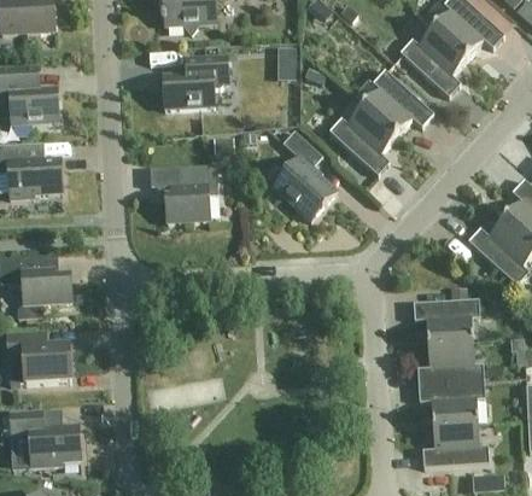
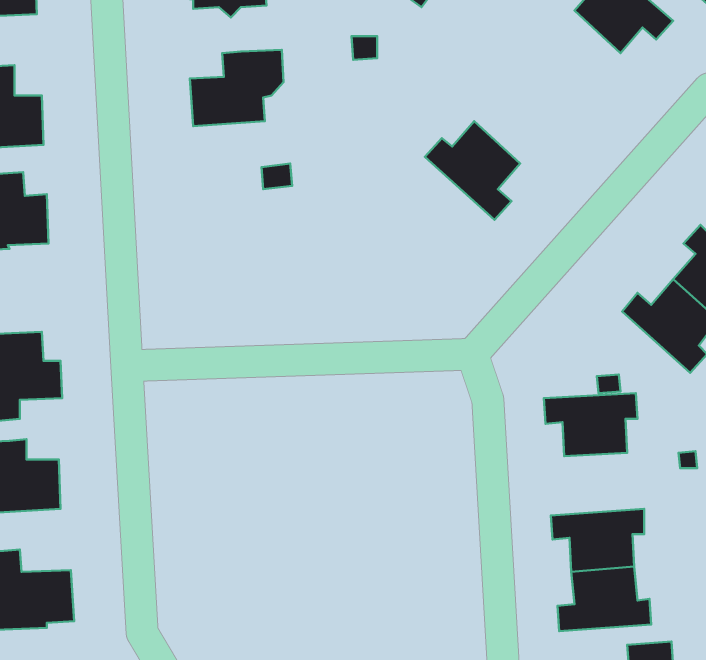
building: [399,27,467,95] -> none
building: [363,69,433,135] -> none
building: [271,129,337,220] -> none
building: [151,164,217,222] -> none
building: [416,340,484,385] -> none

